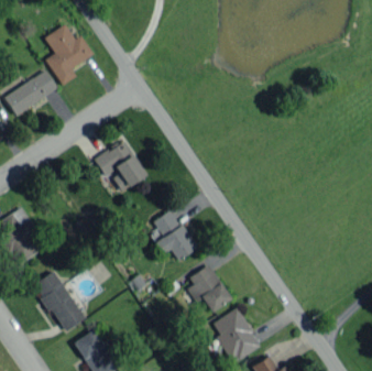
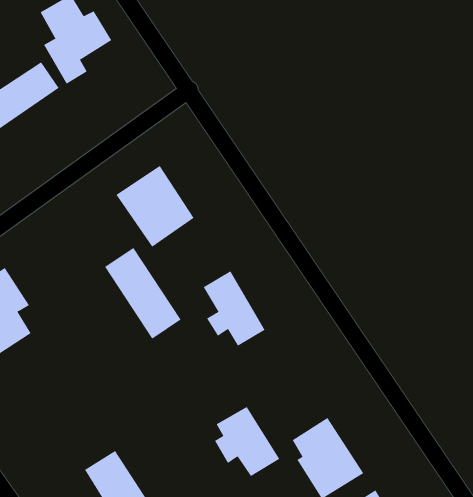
building: [188,264,232,312] -> [214,406,280,477]
building: [34,270,86,331] -> [104,247,182,339]

